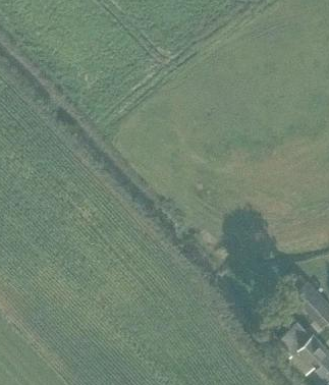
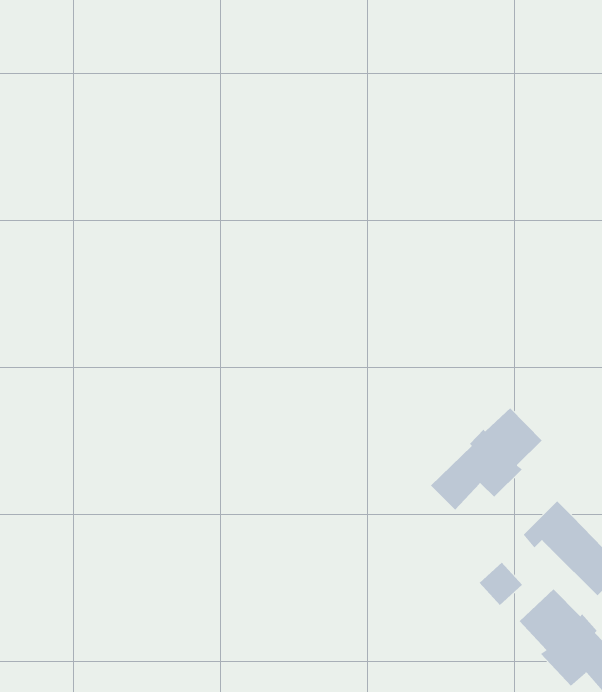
building: none -> [430,408,542,510]

